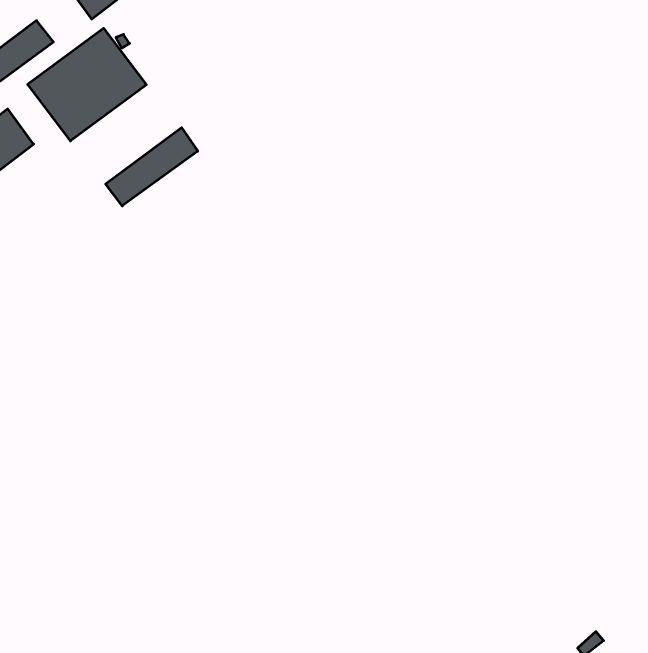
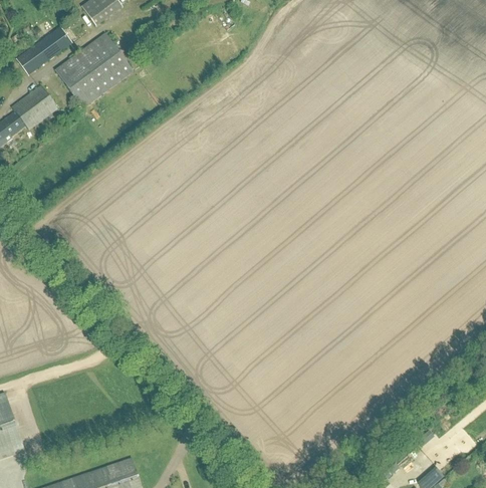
building: [106,128,198,206] -> none

